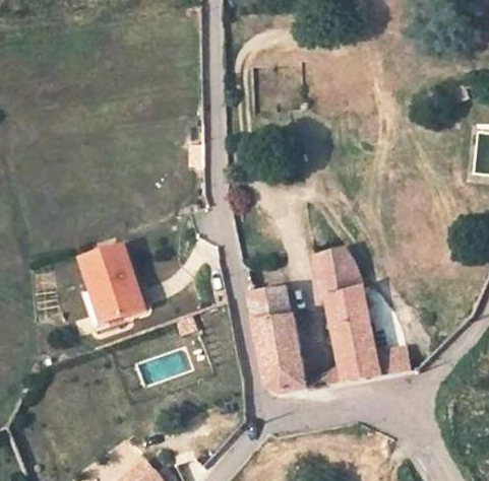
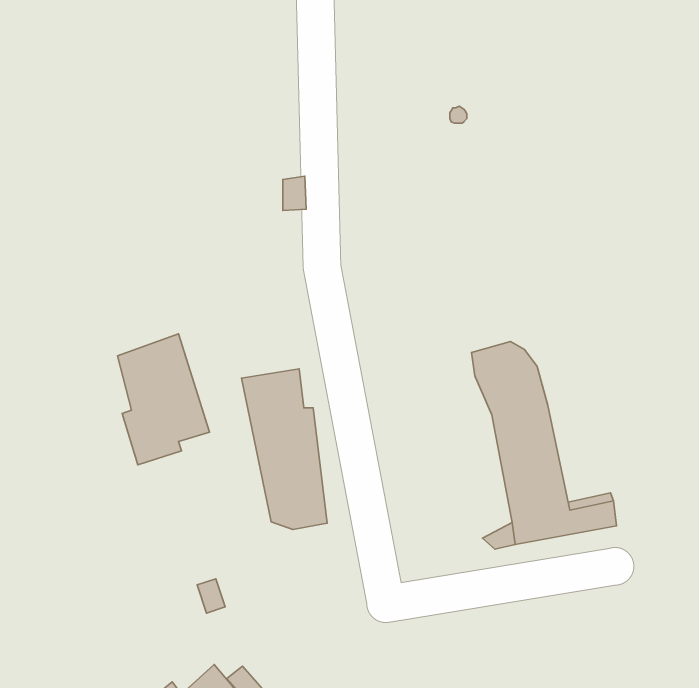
building: [247,287,303,392] -> [241,369,327,529]

